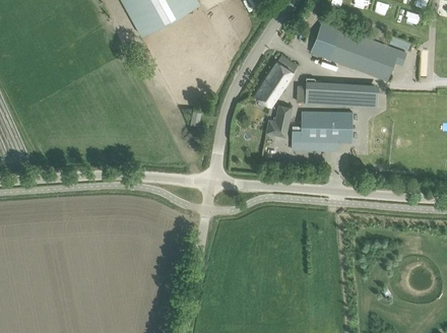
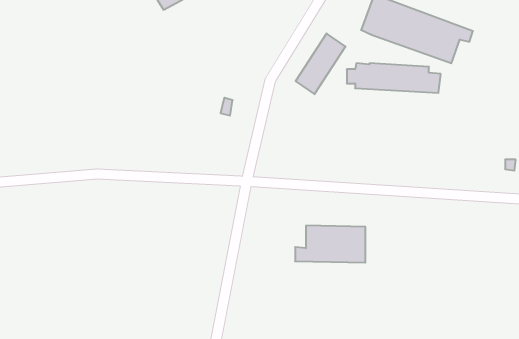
building: [264,105,291,136] -> none
building: [291,112,350,143] -> [295,226,365,263]

